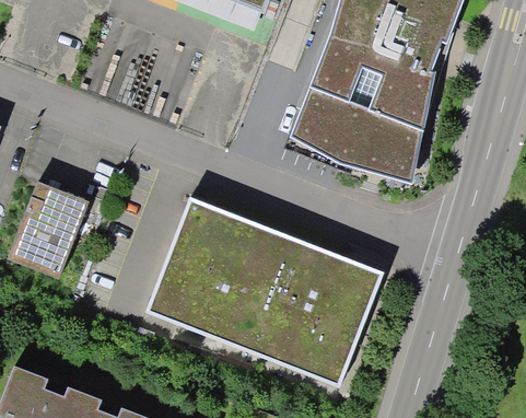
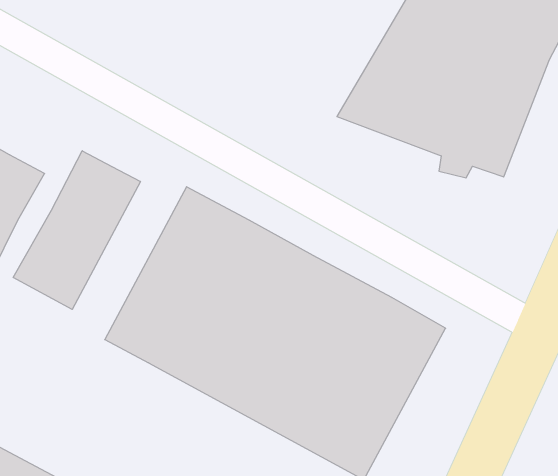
building: none -> [13,151,140,309]

